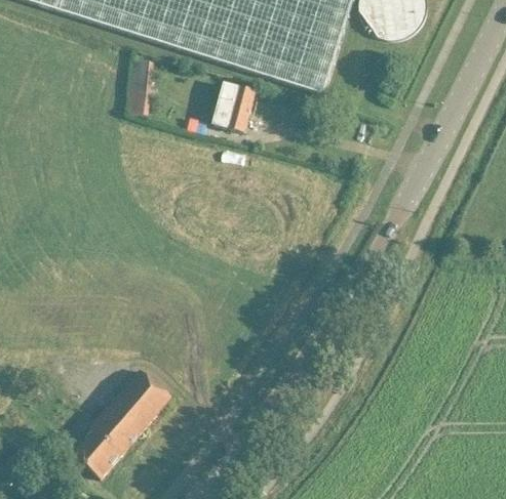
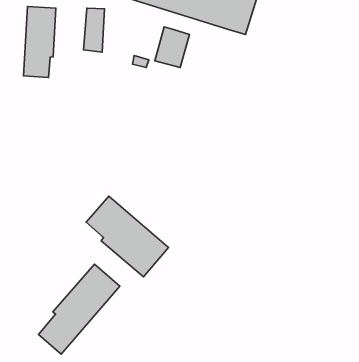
building: none -> [23,7,56,77]
building: none -> [86,196,169,277]

